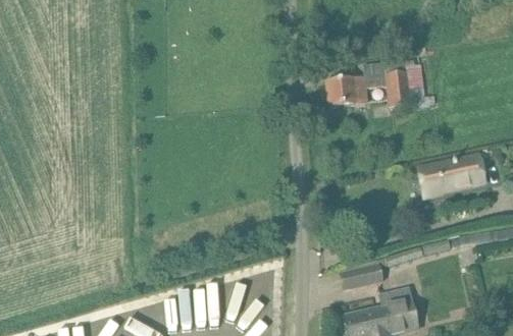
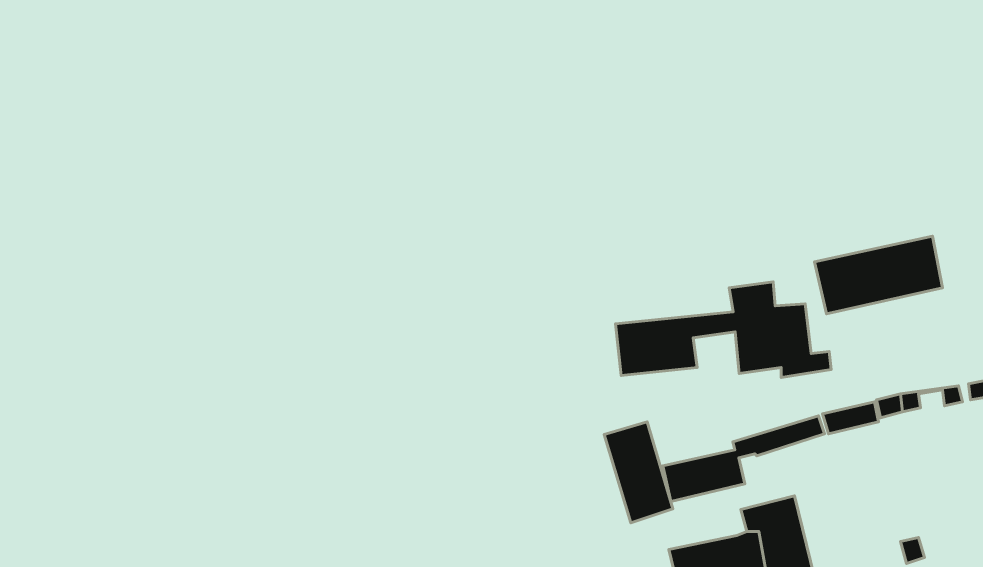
building: [325,58,435,107] -> [615,282,831,378]
building: none -> [604,422,673,523]

